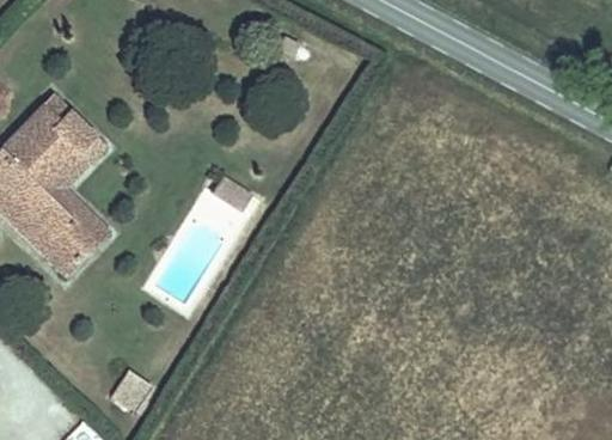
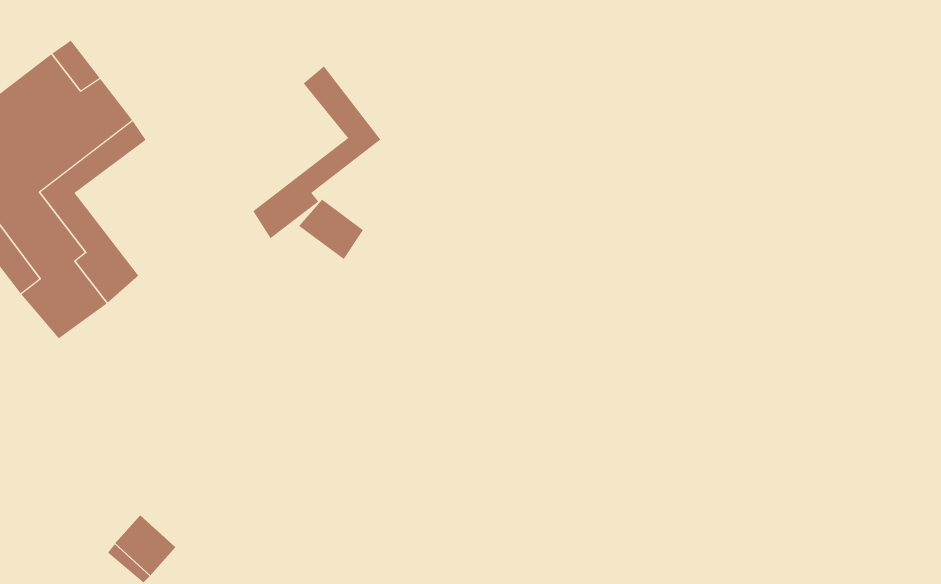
building: none -> [253,66,381,239]

